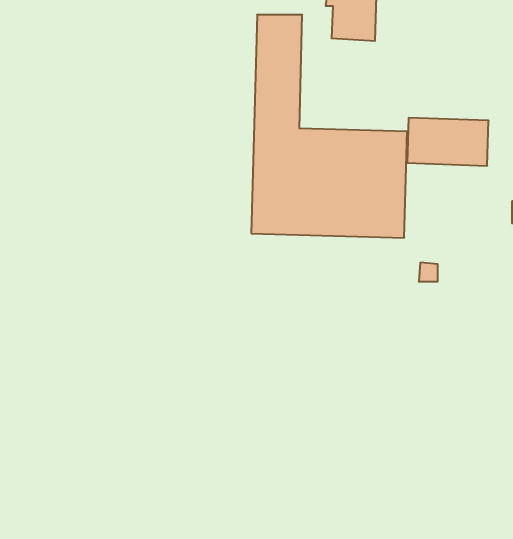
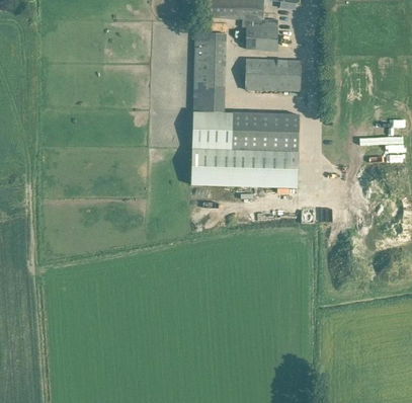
building: [407,118,489,166] -> [244,58,301,91]

